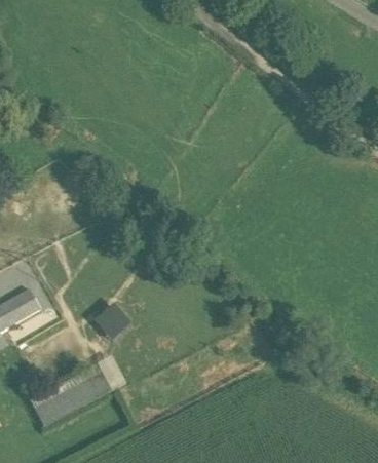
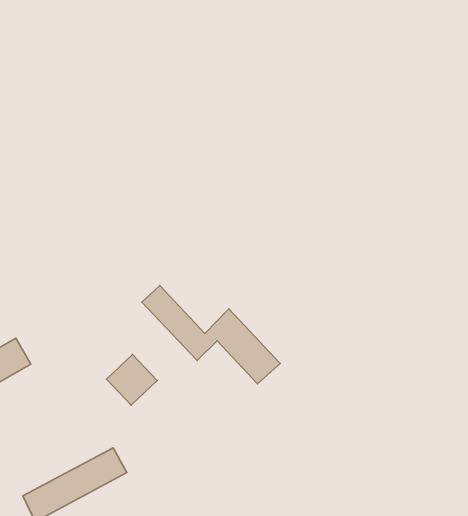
building: none -> [142,285,280,384]

